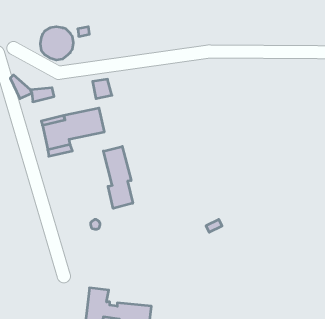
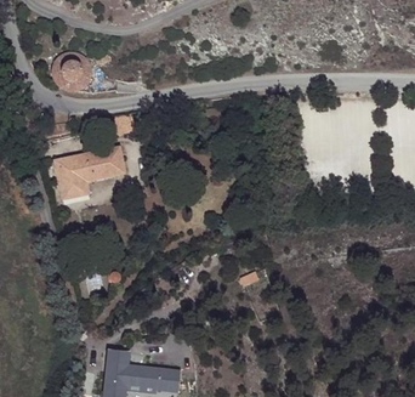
building: [103,146,133,208] -> none

